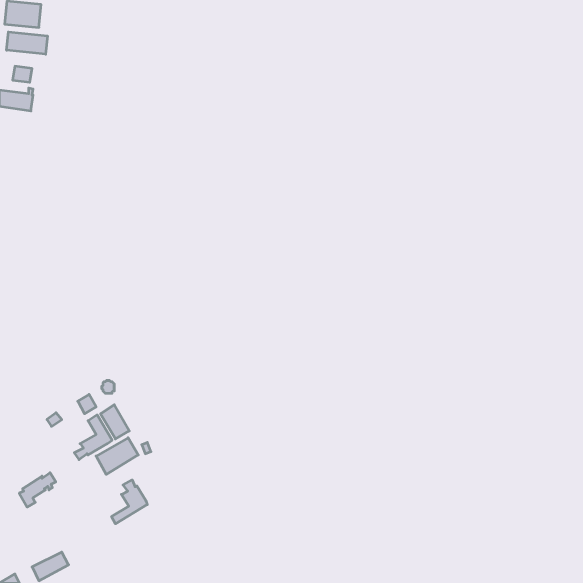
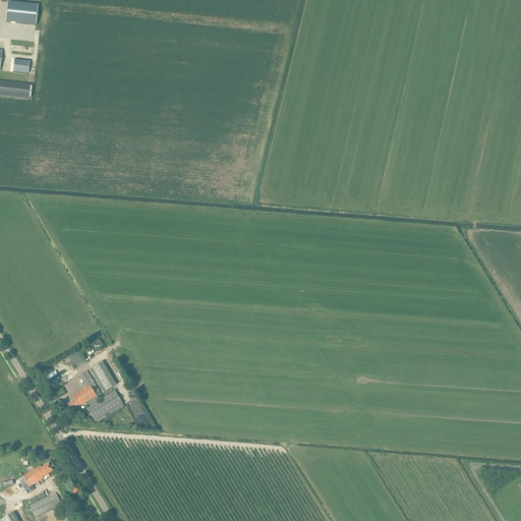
building: [7,32,47,54] -> none
building: [19,473,56,507] -> [19,462,52,493]
building: [112,480,147,524] -> none

